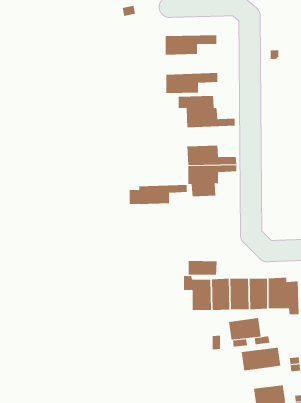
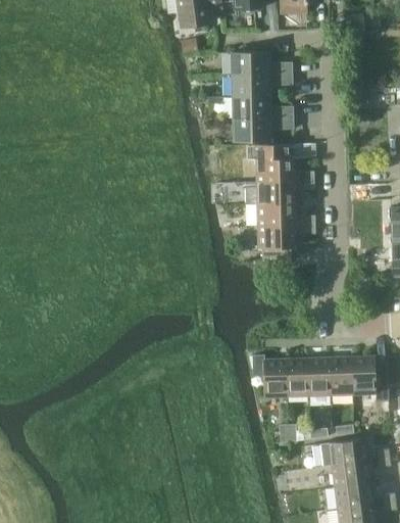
building: none -> [231,51,293,75]
building: none -> [232,96,294,120]
building: [129,184,187,204] -> [246,180,314,203]
building: [188,260,217,276] -> none
building: [228,318,261,340] -> [332,460,370,486]

